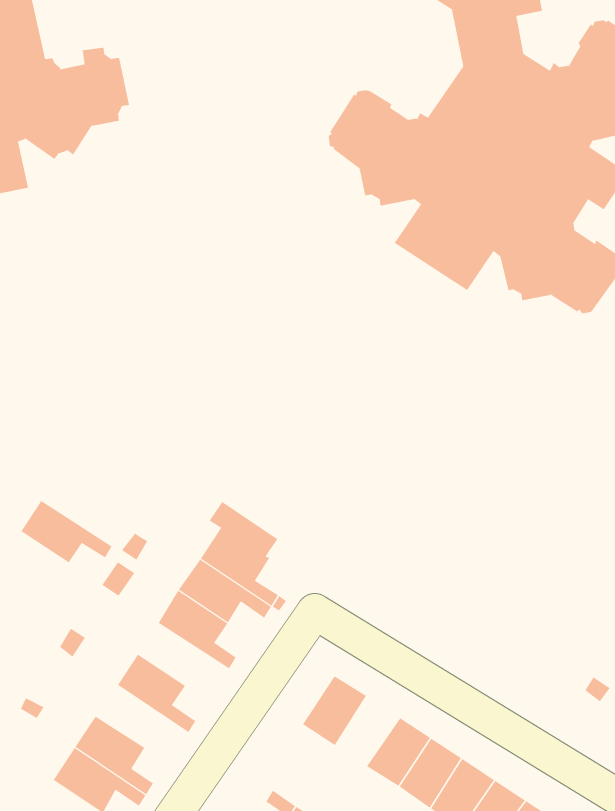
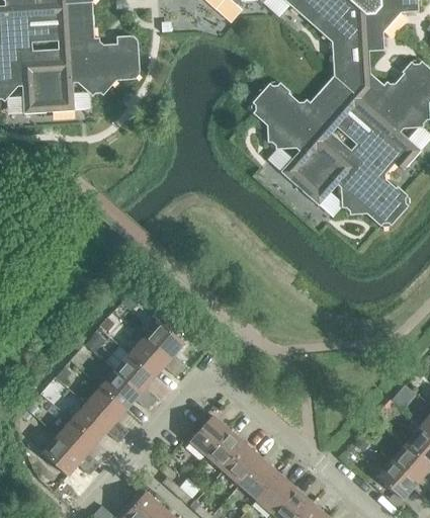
building: [21,500,113,563] -> [100,370,152,409]
building: none -> [71,403,123,442]
building: none -> [206,429,246,469]

